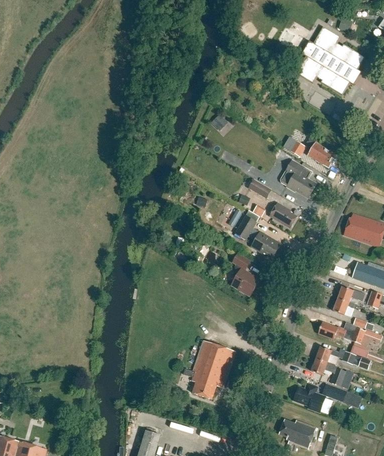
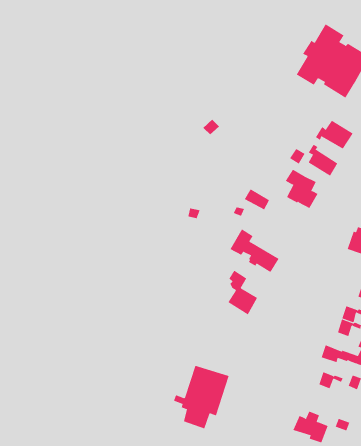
building: none -> [315,120,353,149]
building: [270,202,298,228] -> none
building: [312,359,346,386] -> none

